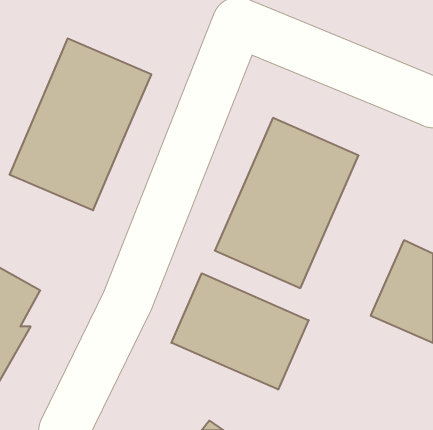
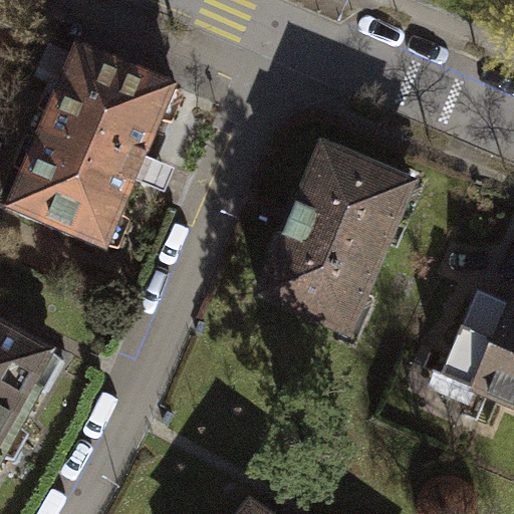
building: [171,273,309,390] -> none

